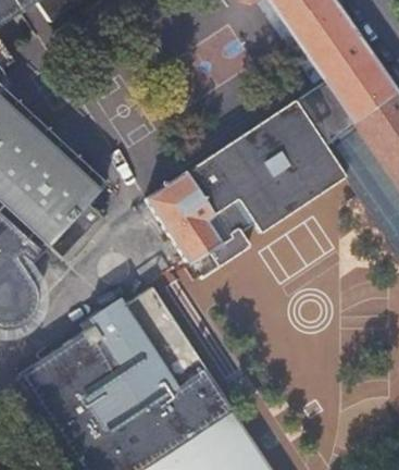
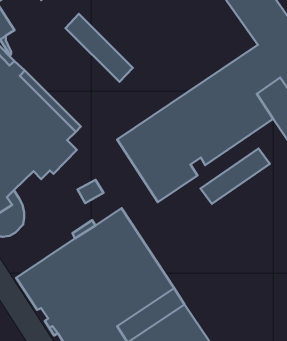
building: none -> [66,14,133,82]
building: none -> [201,149,270,204]

